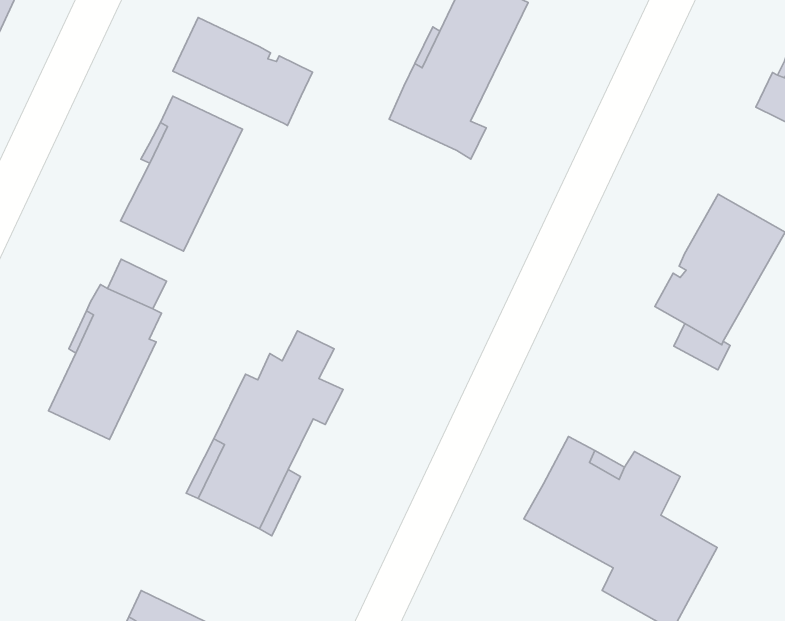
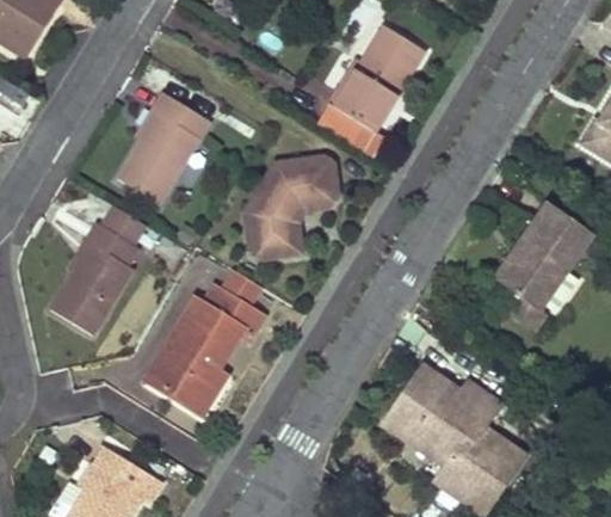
building: [173,18,313,125] -> none
building: none -> [245,156,338,258]

